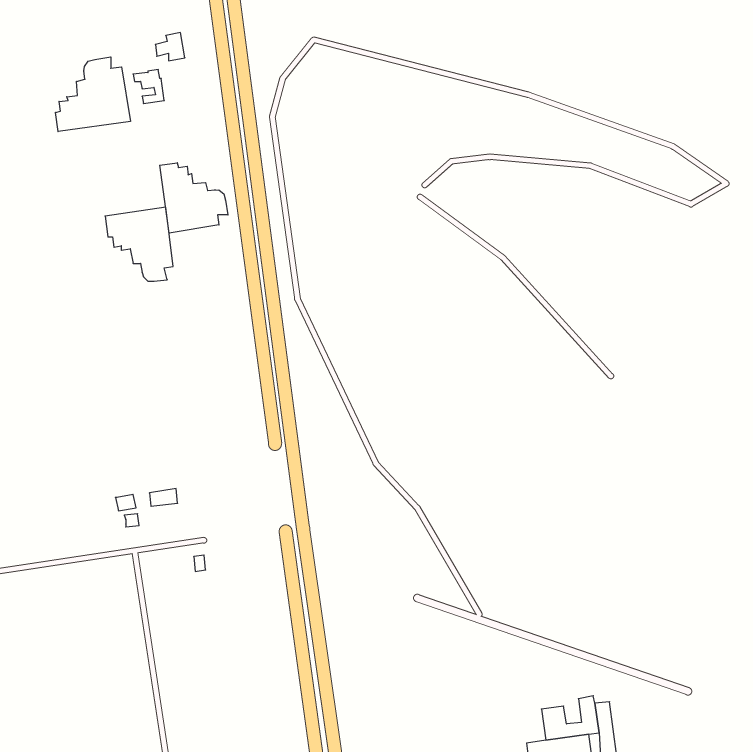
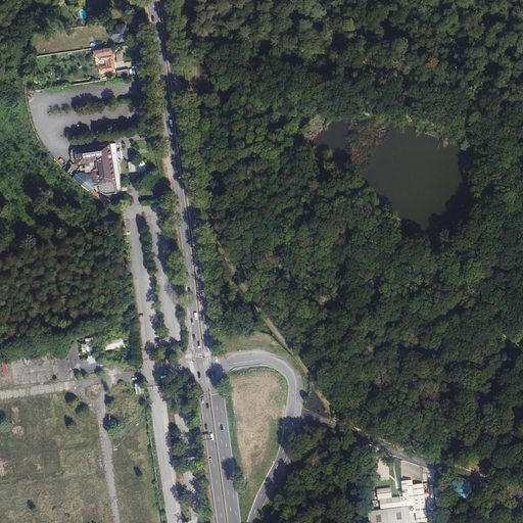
building: [55,57,130,132] -> none
building: [160,163,228,233] -> none

